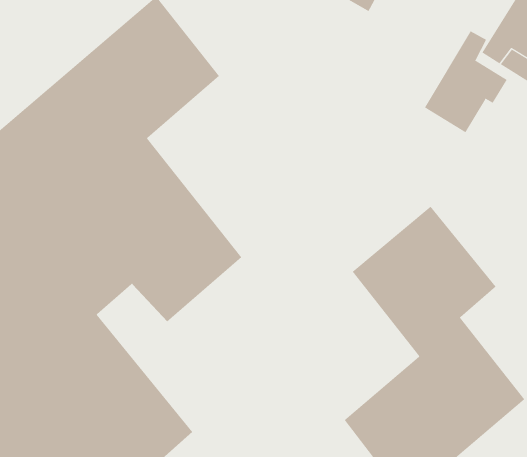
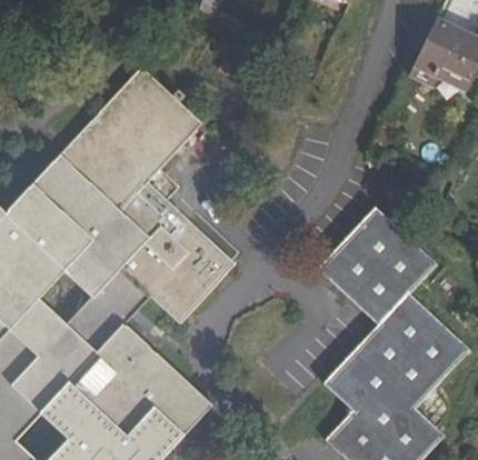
building: [424,30,507,133] -> none

